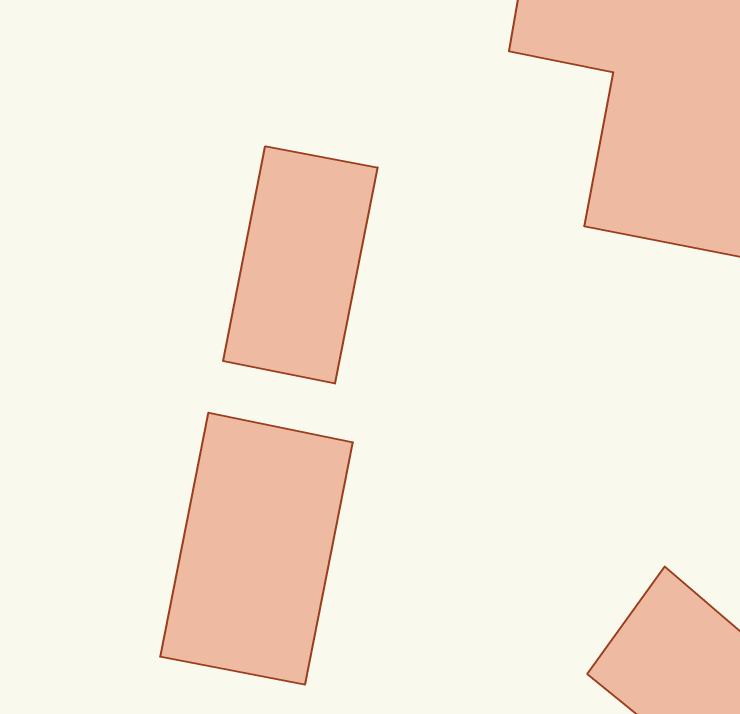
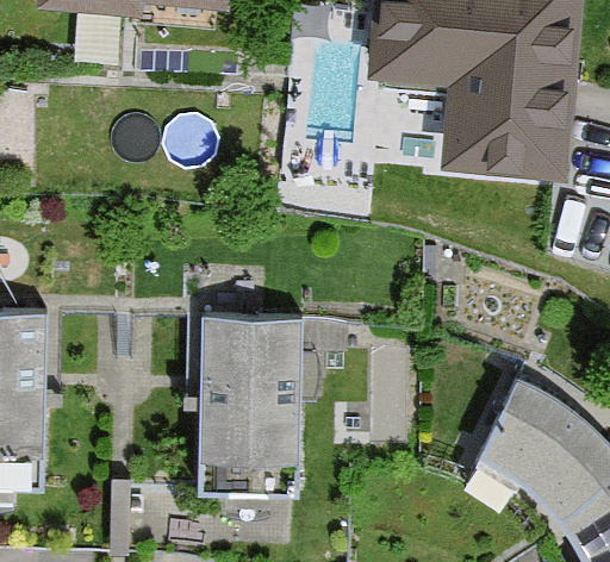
building: [223,146,378,384] -> none

